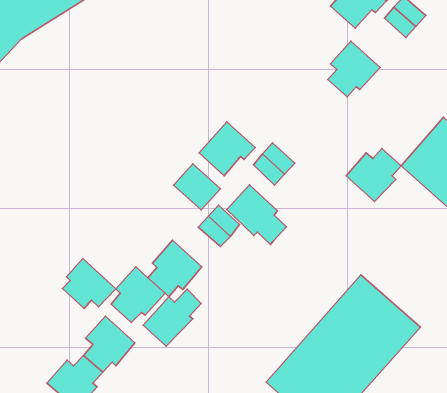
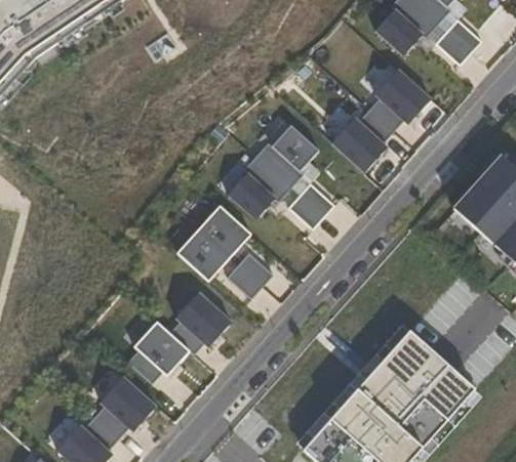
building: none -> [259,123,318,186]
building: [346,148,401,202] -> [331,111,393,170]
building: [227,185,287,245] -> none
building: none -> [177,228,230,280]
building: [63,259,116,308] -> none
building: [143,289,201,346] -> none

